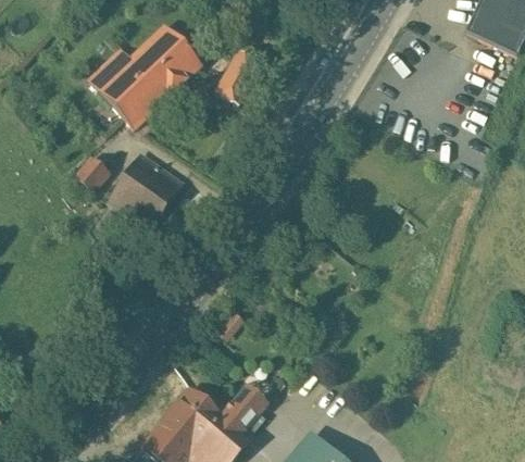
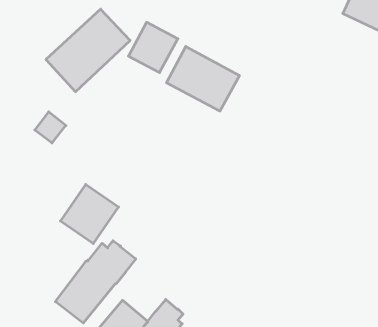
building: none -> [167,46,239,111]
building: [108,152,180,226] -> [60,184,119,244]
building: none -> [55,241,136,323]

